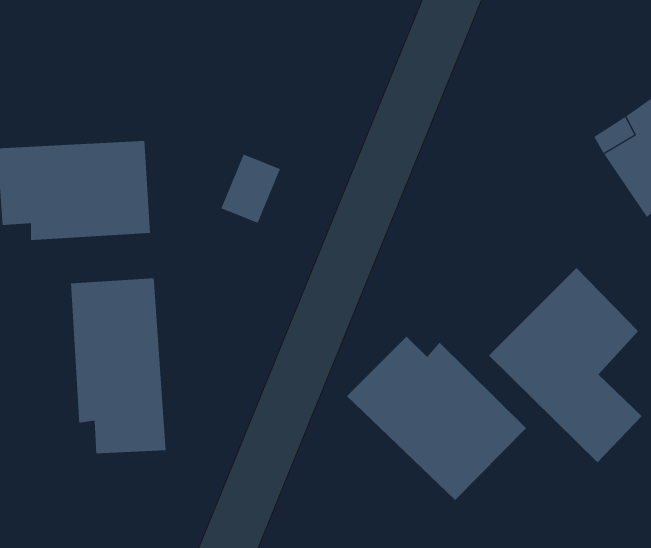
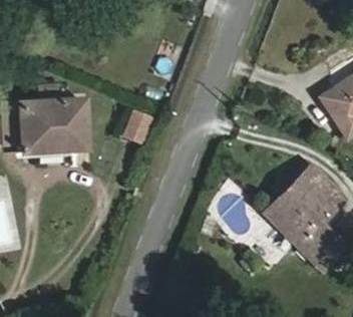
building: [70,278,166,454] -> none
building: [346,336,527,501] -> none

